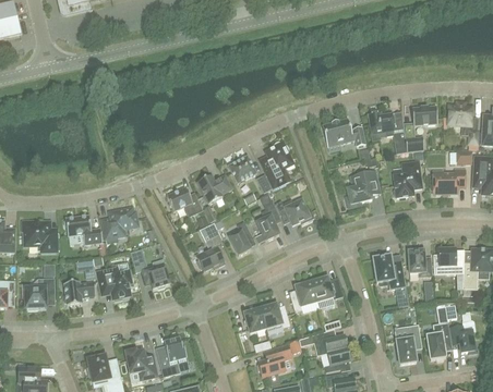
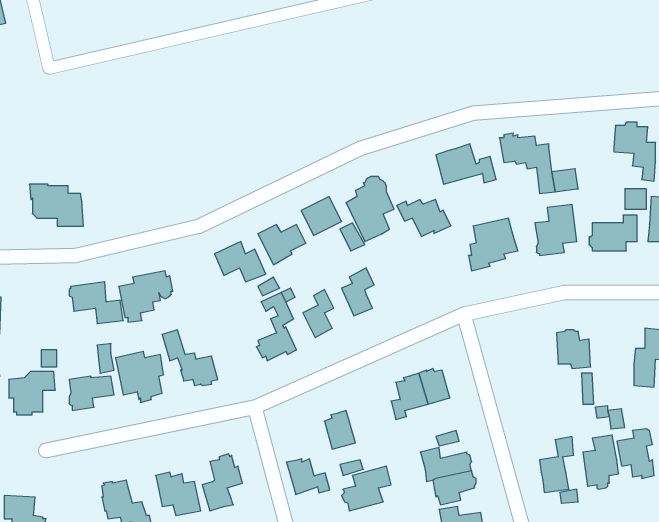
building: [412,106,437,125] -> none
building: [275,198,313,224] -> [397,199,451,237]
building: [22,220,60,249] -> [29,184,83,226]
building: [433,247,464,273] -> none
building: [372,254,406,287] -> none
building: [260,303,290,328] -> [286,459,330,495]

